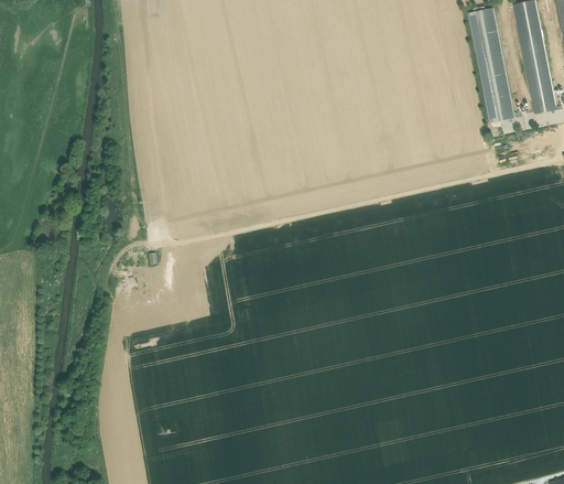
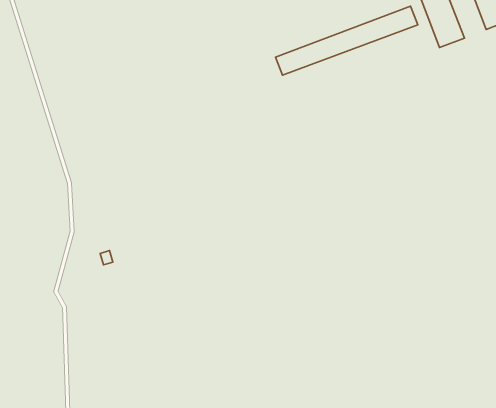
building: none -> [276,6,418,75]

